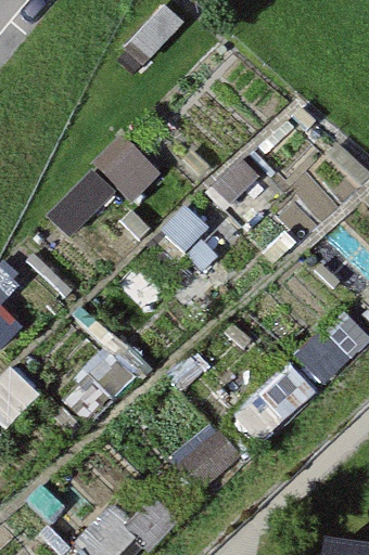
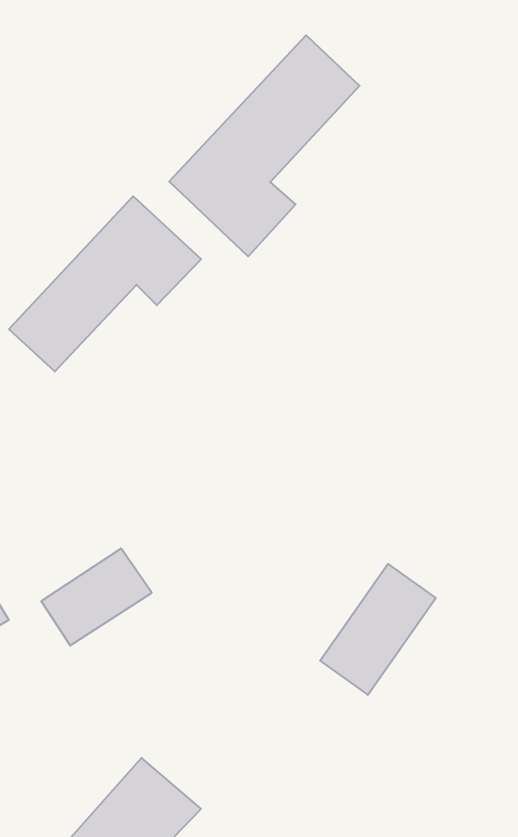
building: none -> [169,35,360,256]

